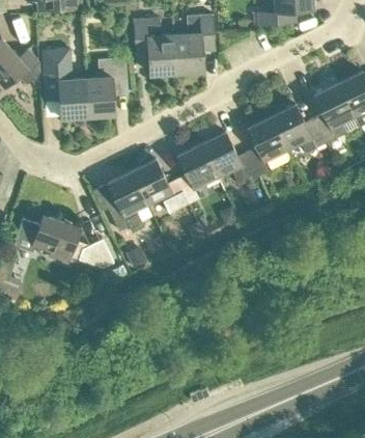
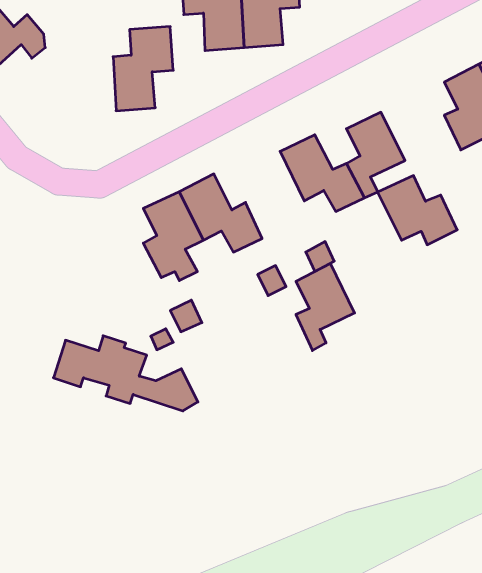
building: [43,48,88,117] -> none
building: [271,105,326,153] -> [377,176,457,245]
building: [177,143,218,203] -> [296,263,355,351]
building: [13,216,113,268] -> [53,336,198,411]

